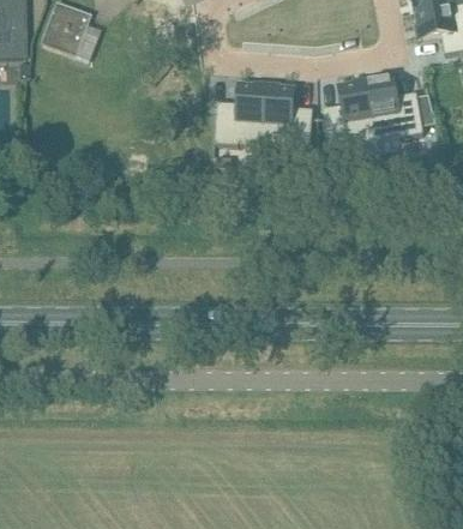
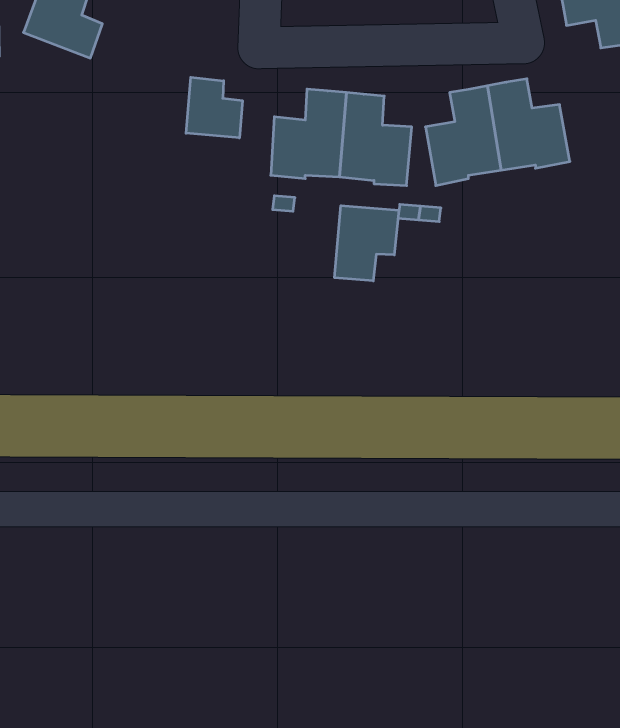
building: none -> [186,77,242,138]
building: none -> [335,206,399,281]

